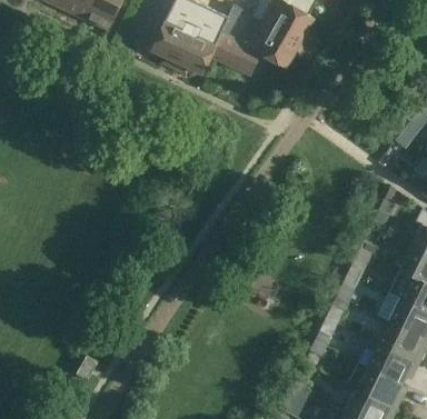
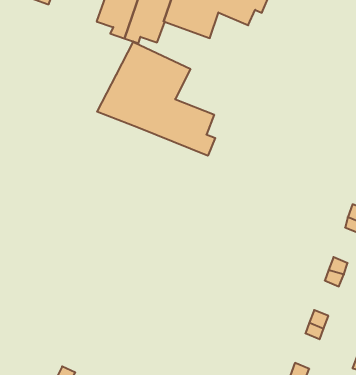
building: none -> [97,41,215,156]

